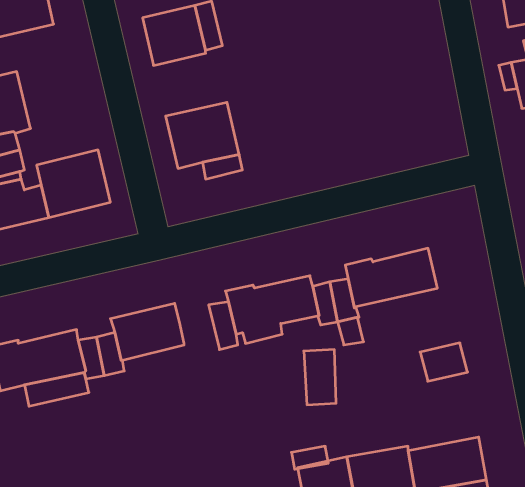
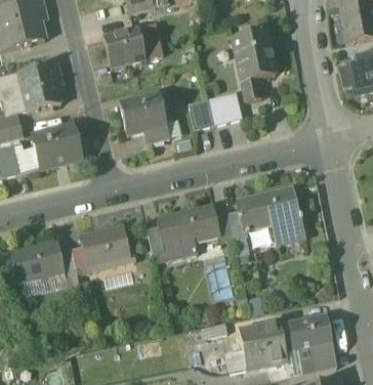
building: none -> [232,29,276,101]
building: none -> [18,61,63,112]
building: none -> [189,92,242,129]
building: [420,343,468,381] -> [273,216,304,242]

